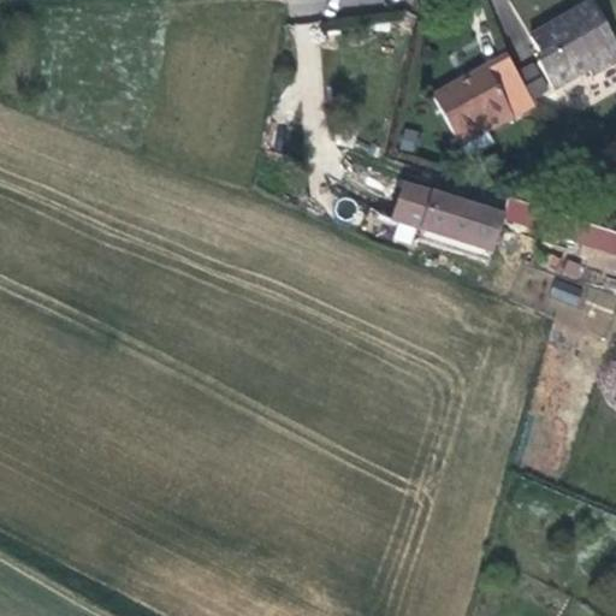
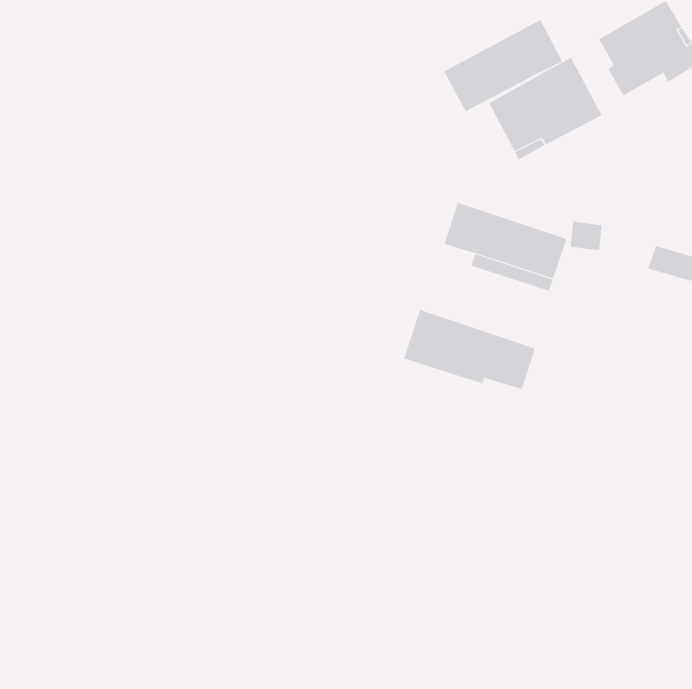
building: none -> [443,19,563,112]
building: none -> [403,309,535,390]

